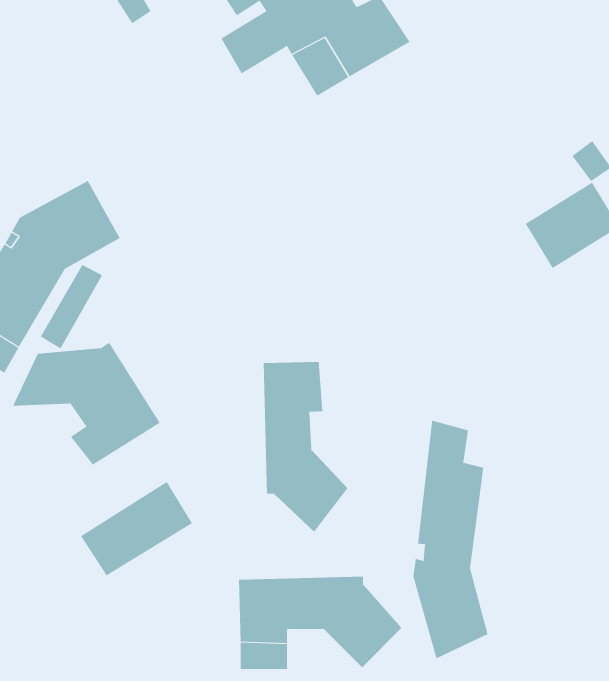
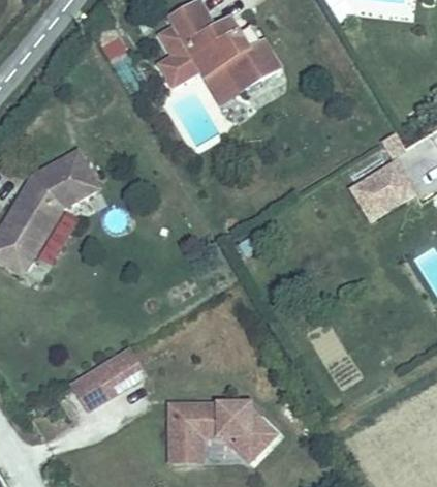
building: [12,342,160,466] -> none
building: [263,361,348,533] -> none
building: [413,420,488,659] -> none

